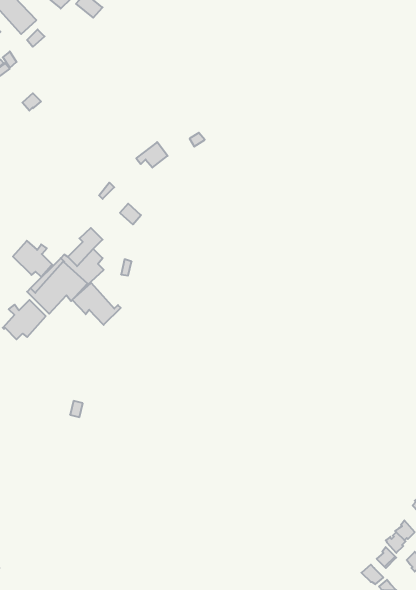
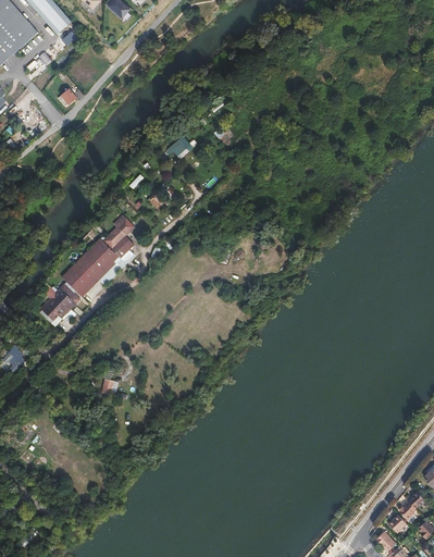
building: [13,241,53,277] -> none
building: [72,283,121,325] -> none

